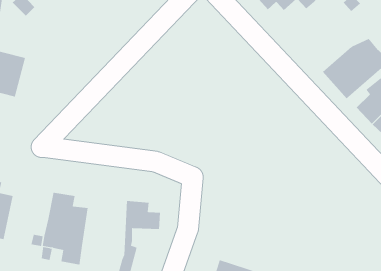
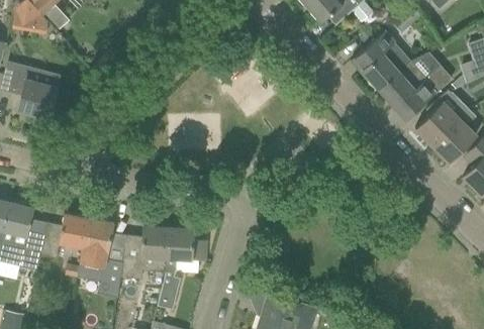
building: none -> [351,31,410,90]
building: none -> [39,214,89,258]
building: none -> [121,227,168,280]

